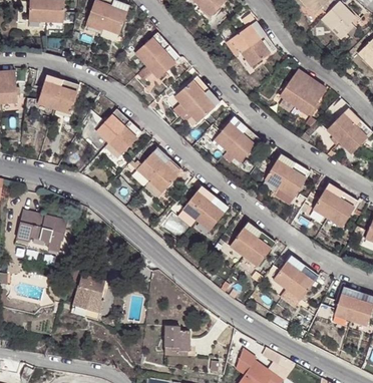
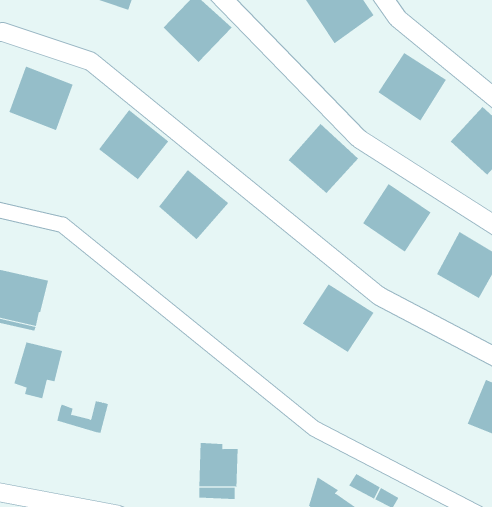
building: [177,75,224,122] -> none
building: [181,186,228,233] -> none
building: [278,255,322,299] -> none
building: [72,274,104,311] -> [14,342,63,399]

